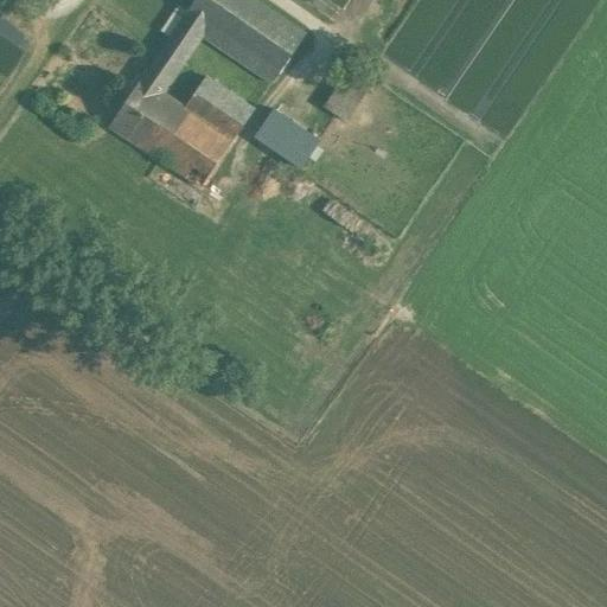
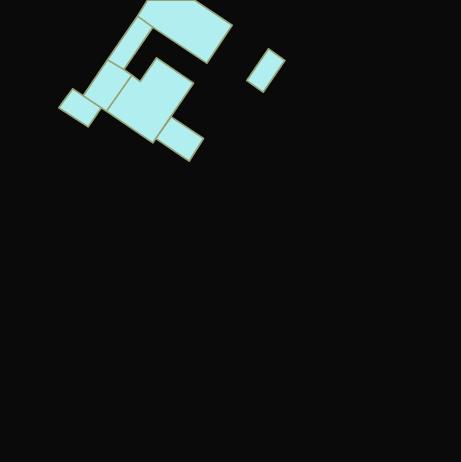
building: [255,109,318,167] -> [156,117,204,161]
building: none -> [59,89,101,127]

